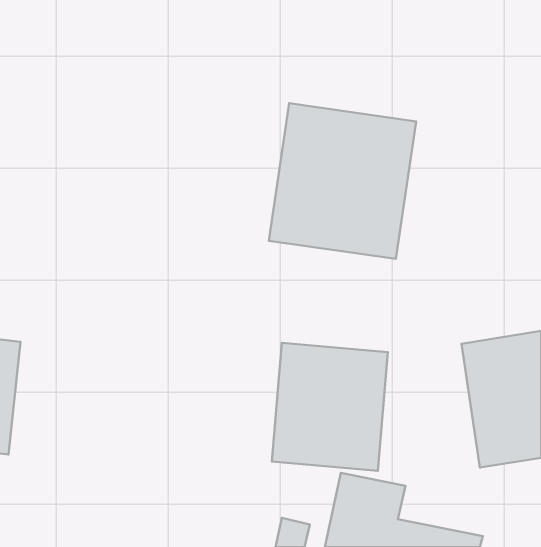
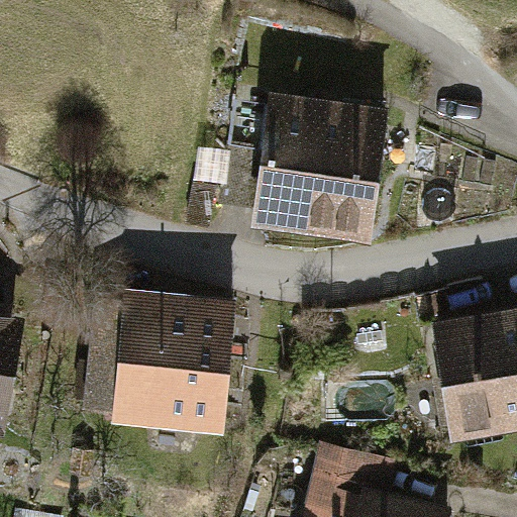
building: none -> [81,291,234,431]
building: [272,343,388,471] -> none

